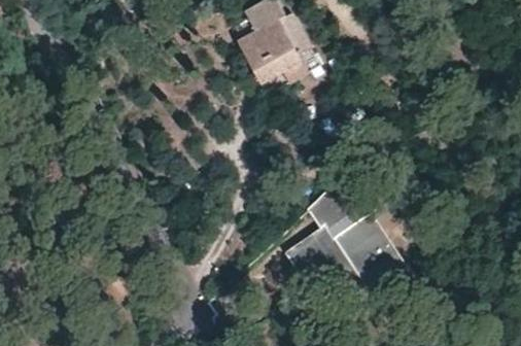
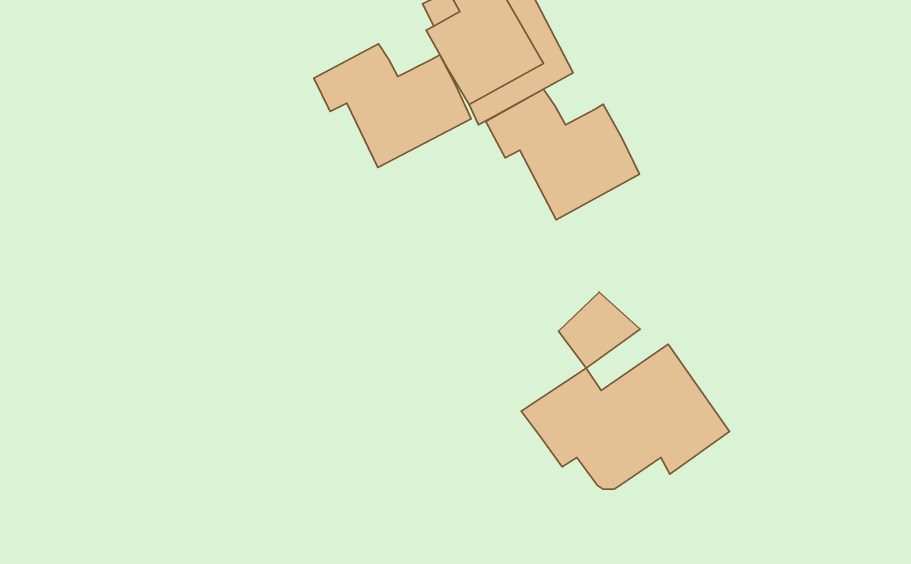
building: none -> [314,44,471,167]
building: none -> [486,89,640,220]

